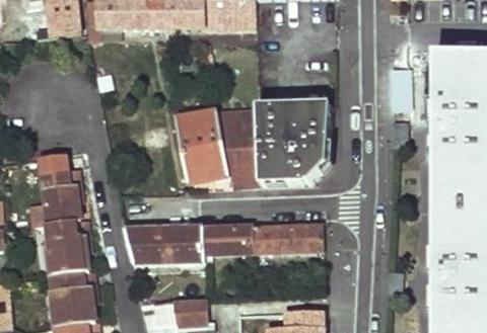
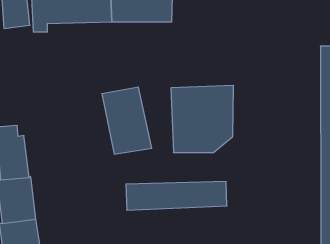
building: [214,107,257,188] -> none
building: [120,225,200,266] -> none

